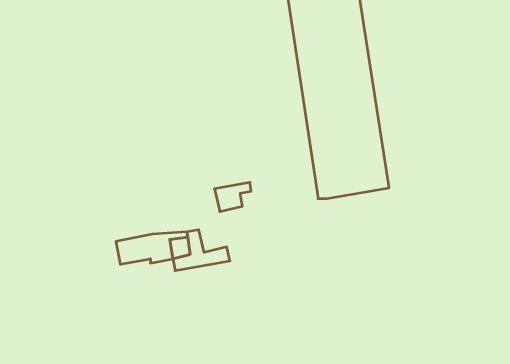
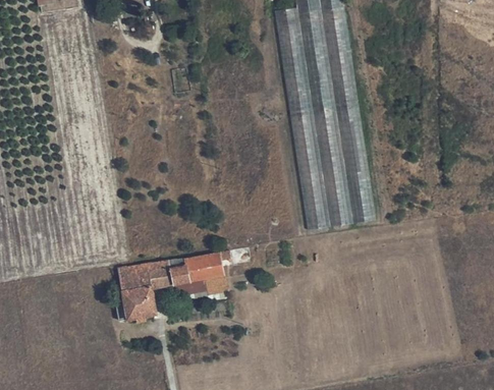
building: [214,182,251,212] -> [196,252,230,279]
building: none -> [112,285,154,320]

